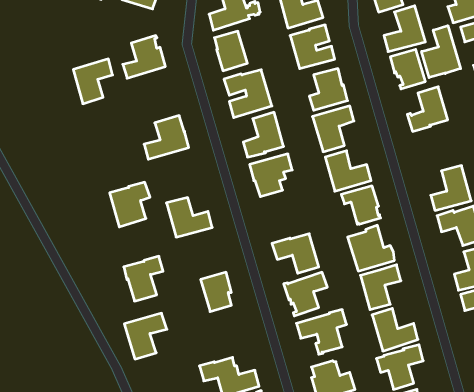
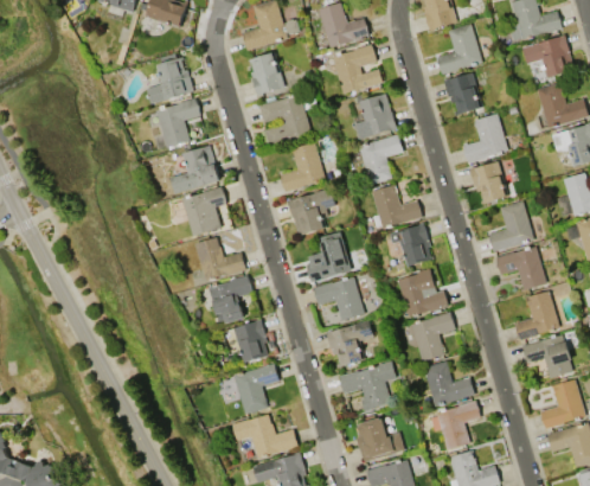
building: [422,26,461,78] -> none
building: [73,59,113,104] -> [156,98,200,148]
building: none -> [469,161,507,204]
building: [110,182,150,227] -> [181,187,226,237]
building: none -> [306,232,352,283]
building: [124,256,163,301] -> [207,276,251,326]
building: [124,313,167,359] -> [232,364,280,415]

